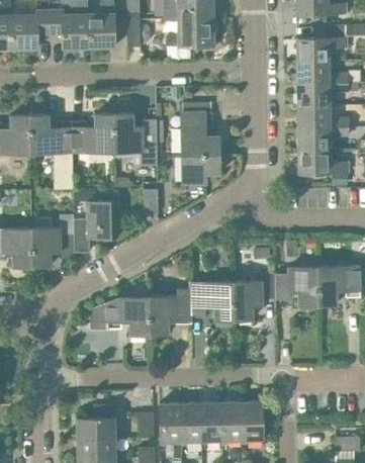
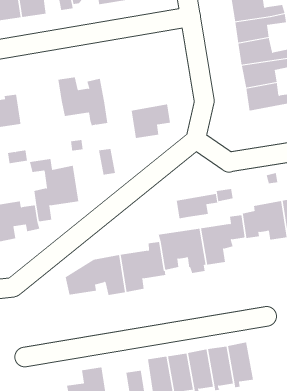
building: [181,112,219,157] -> none
building: [72,115,115,154] -> none
building: none -> [176,193,218,219]

